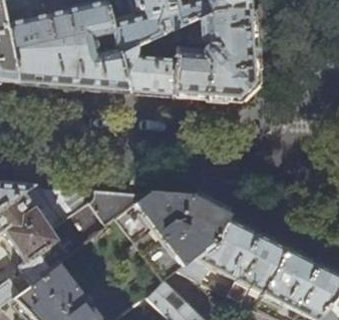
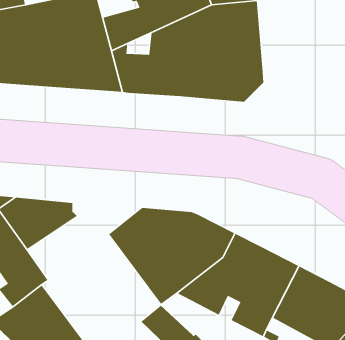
building: [45,190,147,259] -> none

